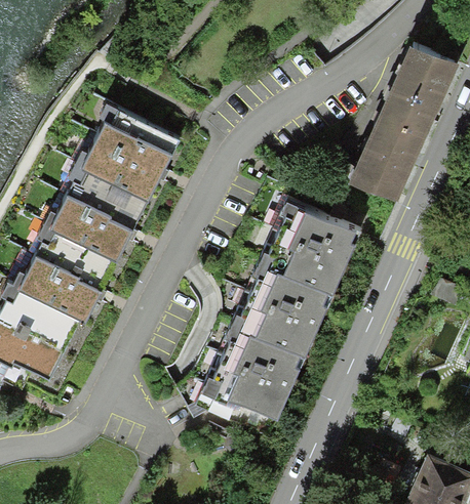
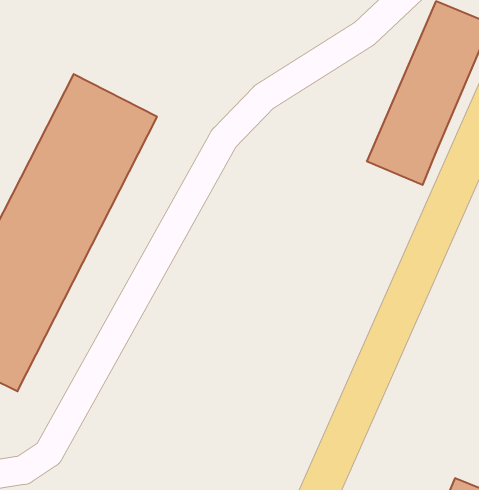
building: [218,205,358,413] -> none

